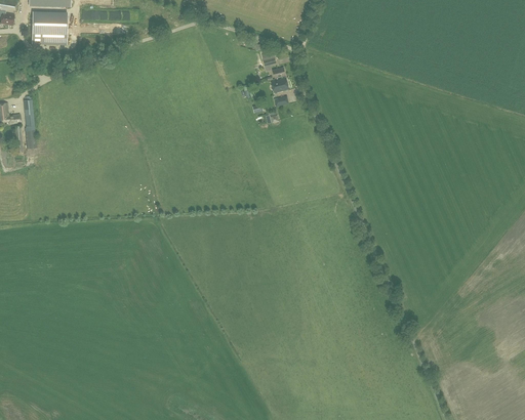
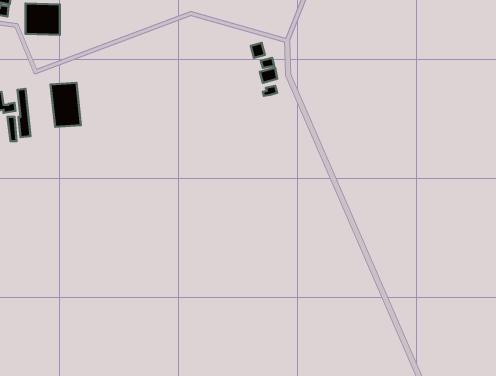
building: none -> [51,83,81,127]

